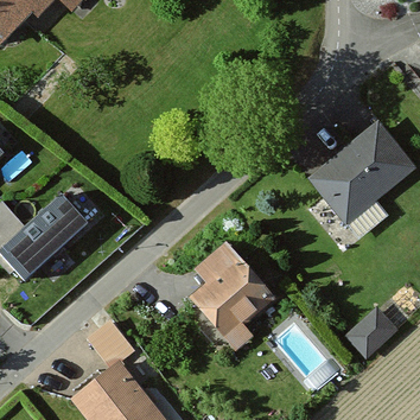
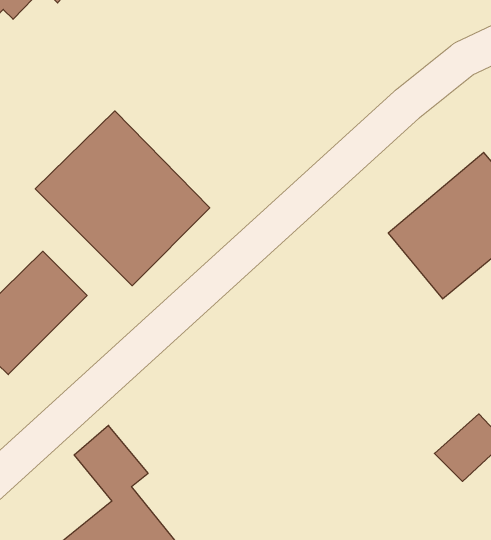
building: none -> [35,111,210,286]
building: [189,240,275,339] -> none

